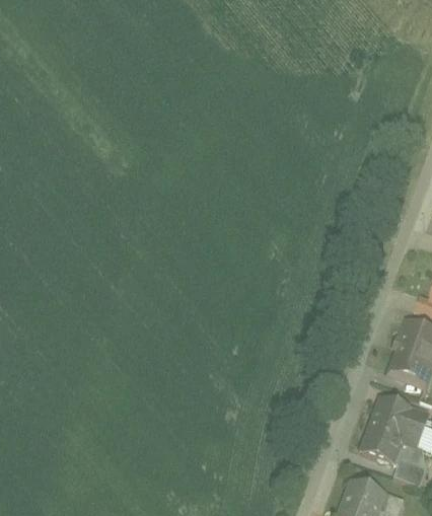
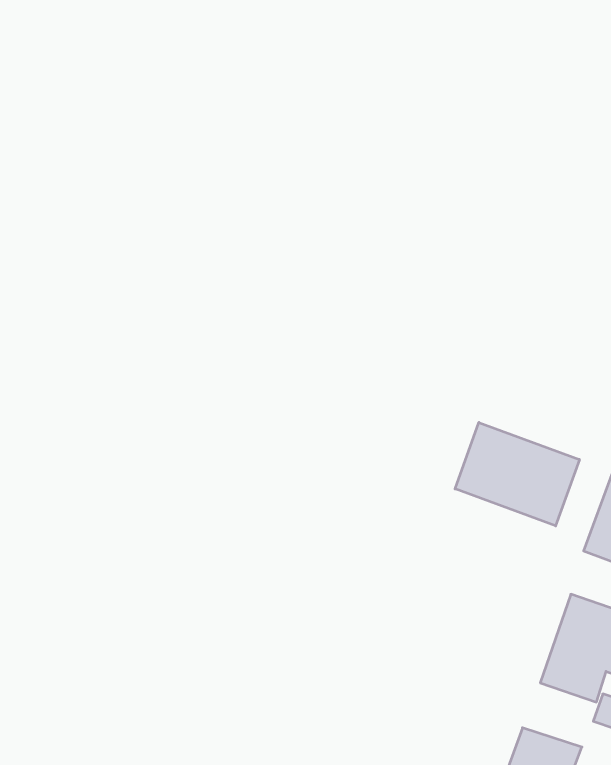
building: none -> [455,422,579,526]

